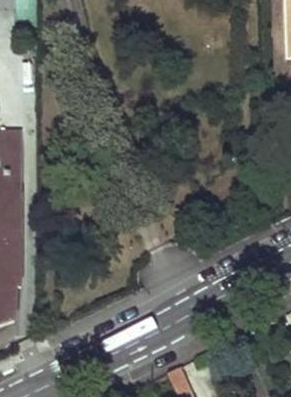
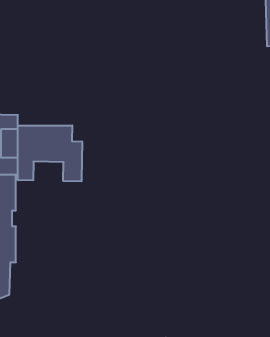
building: none -> [18,125,82,181]

